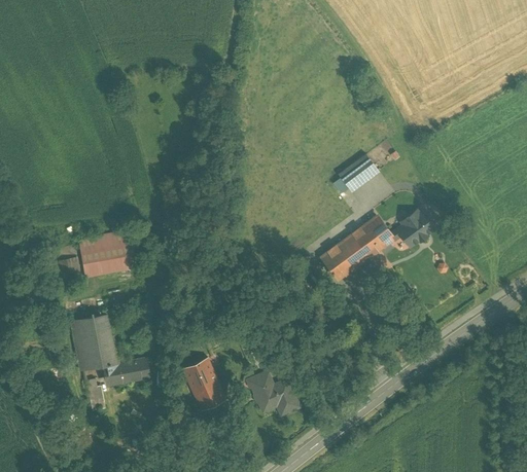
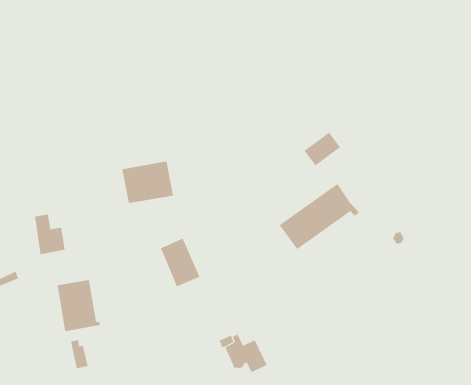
building: [390,208,441,253] -> none
building: [80,230,137,277] -> [122,161,174,204]
building: [183,358,226,411] -> [160,238,200,287]
building: [107,359,150,385] -> none

